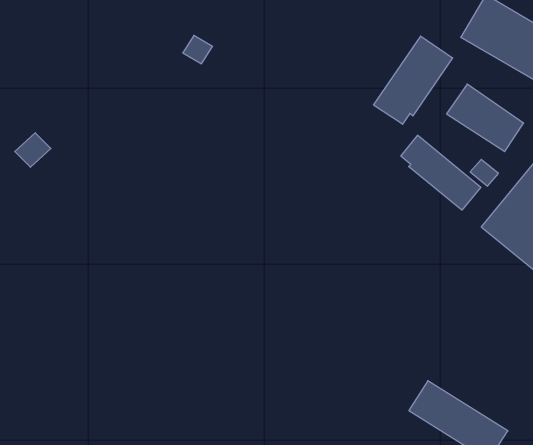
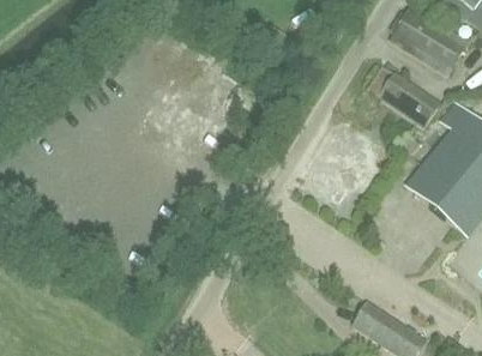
building: [374,36,453,124] -> none
building: [401,135,481,210] -> none

